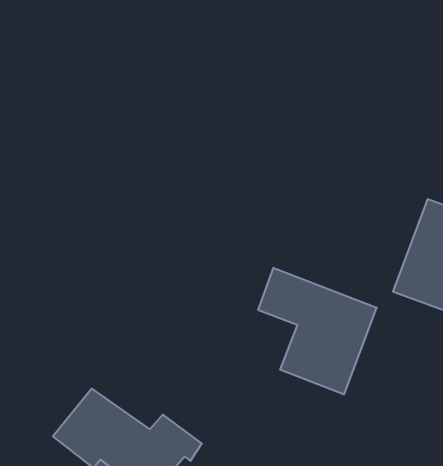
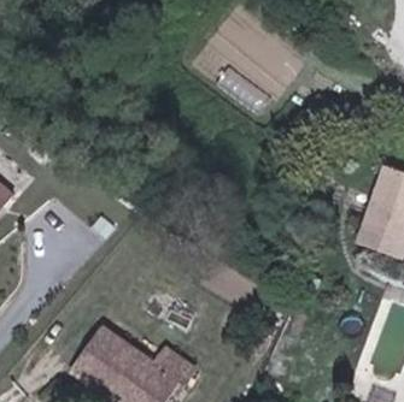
building: [258,268,377,394] -> none

